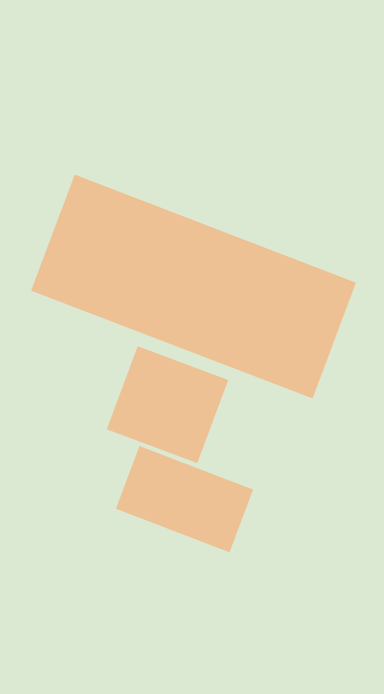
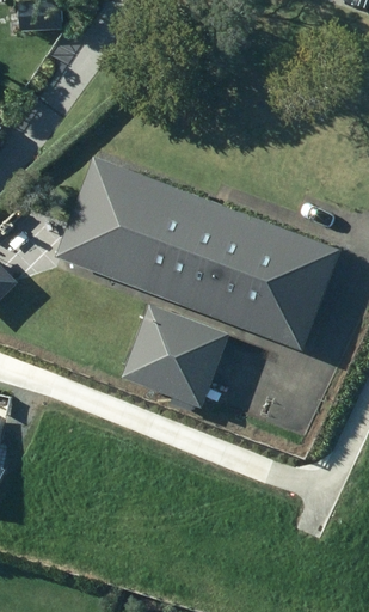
building: [115,445,254,553] -> none

